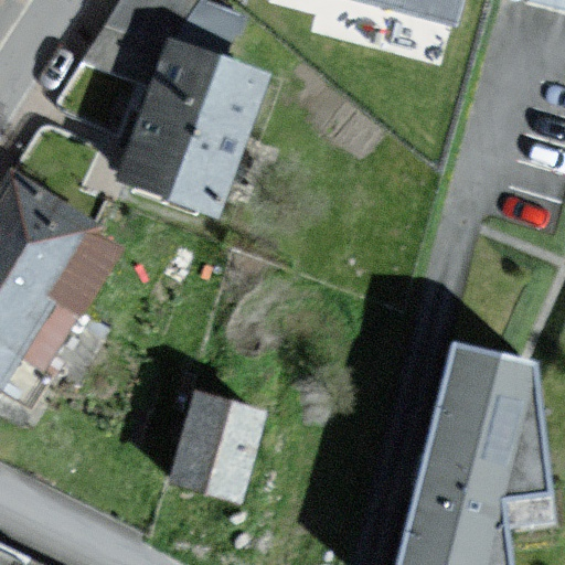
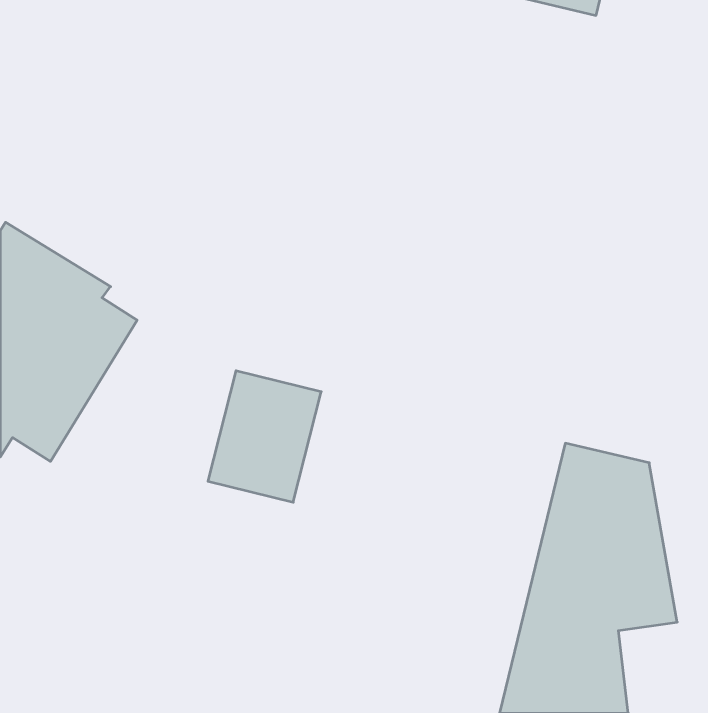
building: [121,41,262,211] -> none
building: [173,394,263,498] -> [208,371,321,502]

